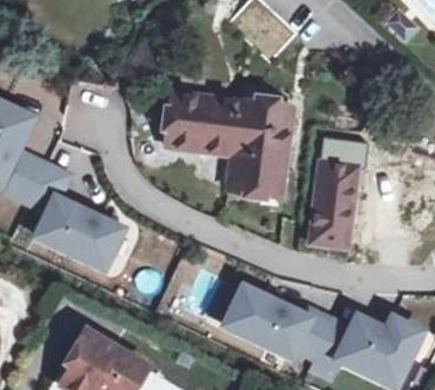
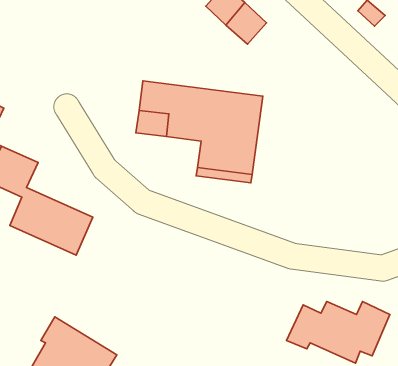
building: [310,136,370,245] -> none
building: [228,286,333,354] -> none

